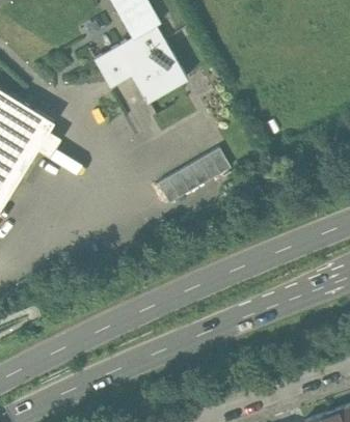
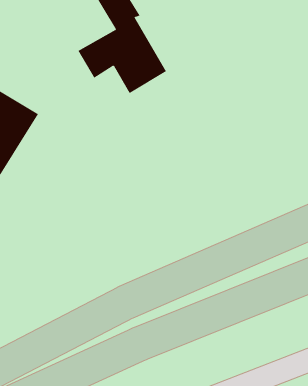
building: [157,149,231,205] -> none

